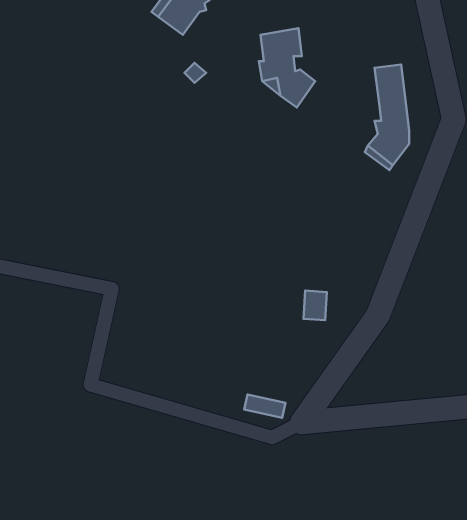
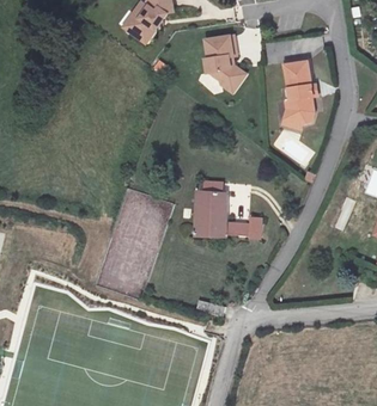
building: none -> [187,195,225,242]

